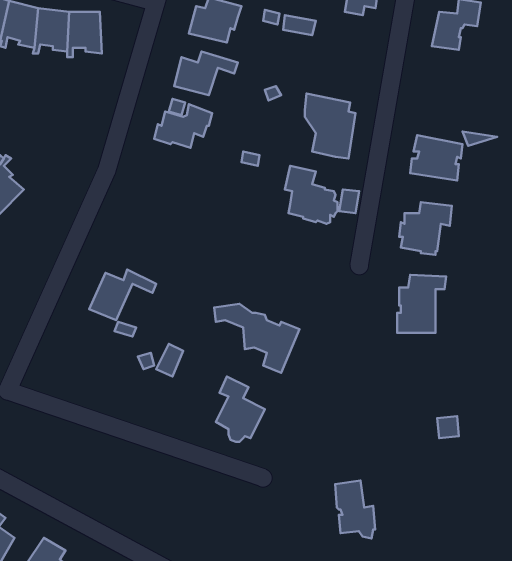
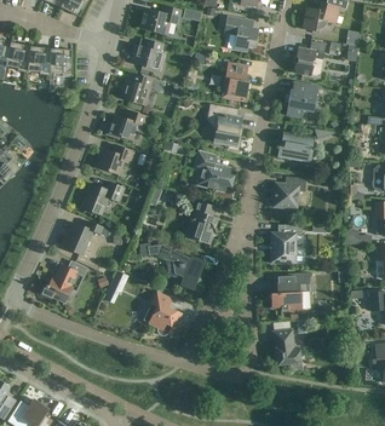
building: none -> [222,62,249,100]
building: none -> [285,82,317,116]
building: none -> [98,144,133,174]
building: none -> [81,180,123,214]
building: none -> [189,200,218,244]
building: none -> [42,260,86,301]
building: none -> [270,274,310,310]
building: [335,480,375,538] -> [274,329,300,368]

